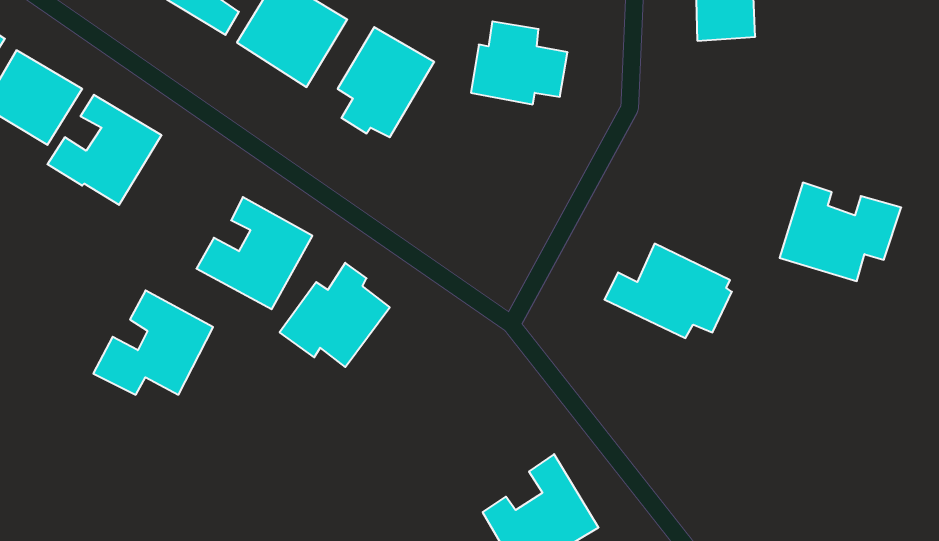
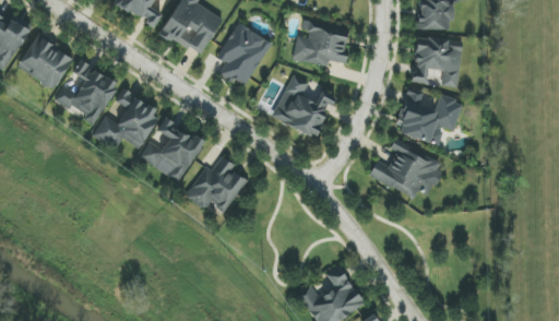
building: none -> [412,36,462,86]
building: none -> [272,73,335,136]
building: [780,183,901,281] -> [394,86,463,142]
building: [93,290,213,395] -> [92,88,159,147]

